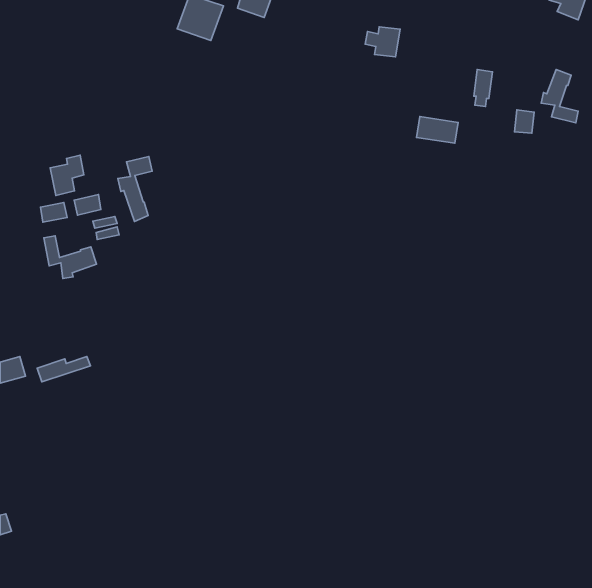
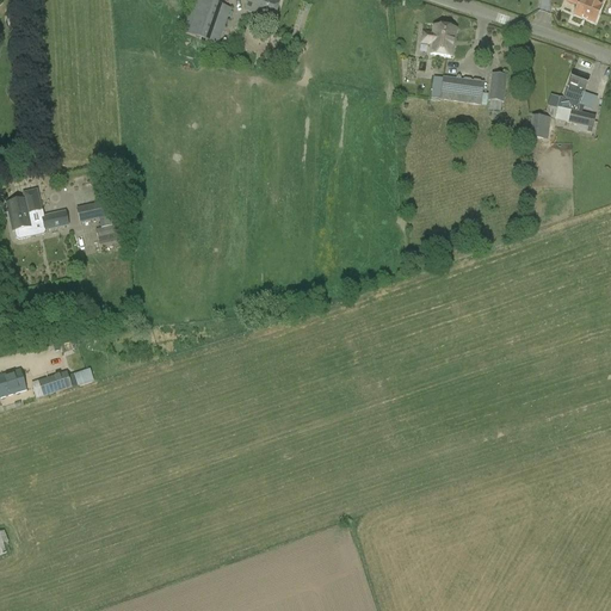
building: [365,27,400,57] -> [420,24,456,55]
building: [416,117,458,143] -> [440,75,483,103]
building: [50,155,84,196] -> [6,187,41,229]
building: [118,157,152,221] -> none
building: [44,236,96,279] -> none

